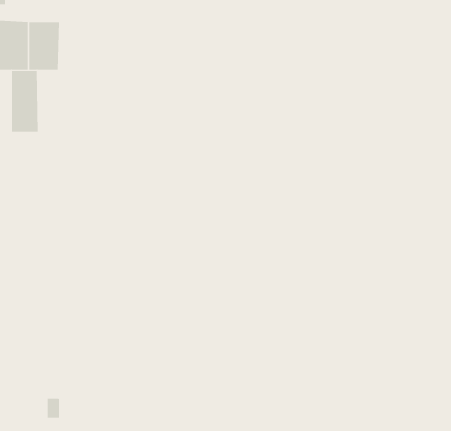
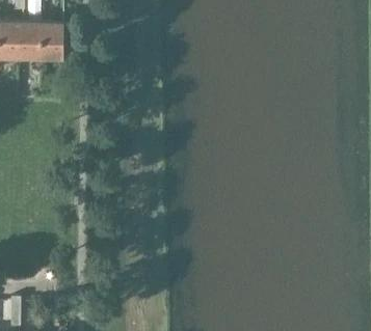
building: [11,70,38,132] -> none

